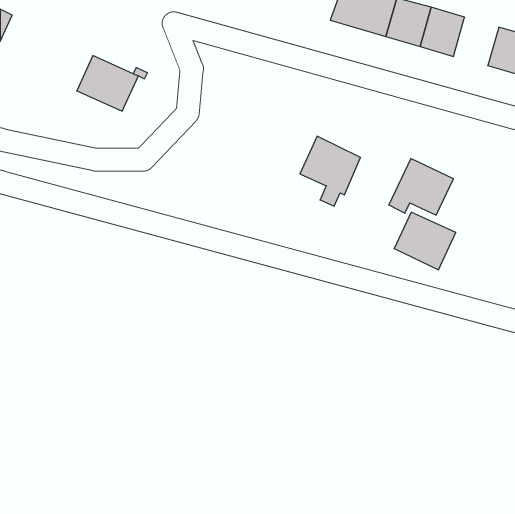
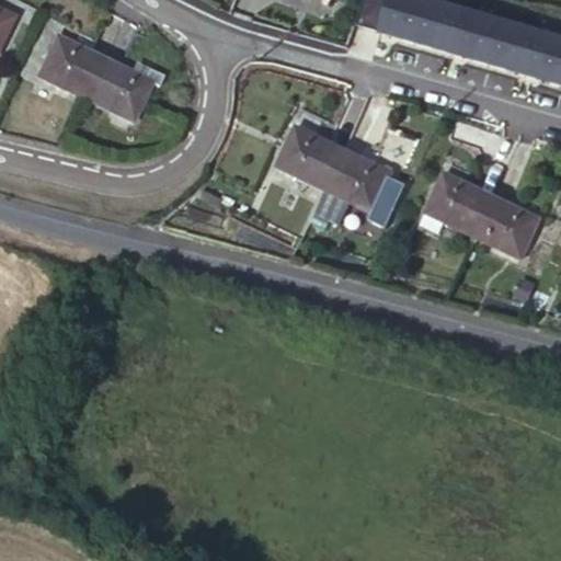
building: none -> [493,19,542,71]
building: none -> [37,38,102,99]
building: none -> [278,126,345,188]
building: [394,212,456,270] -> [474,194,541,256]

